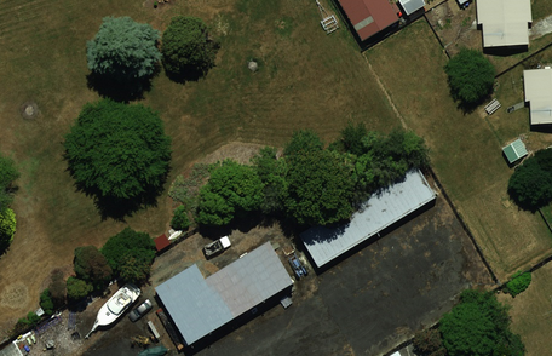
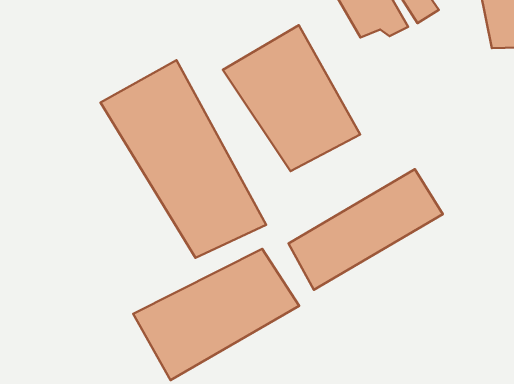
building: none -> [223,25,360,171]
building: none -> [101,60,266,258]

